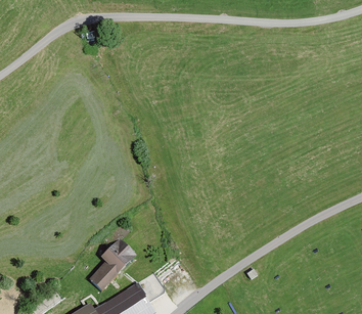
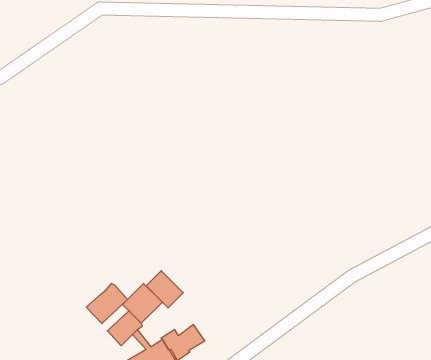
building: none -> [146,271,183,308]
building: none -> [86,283,127,324]

